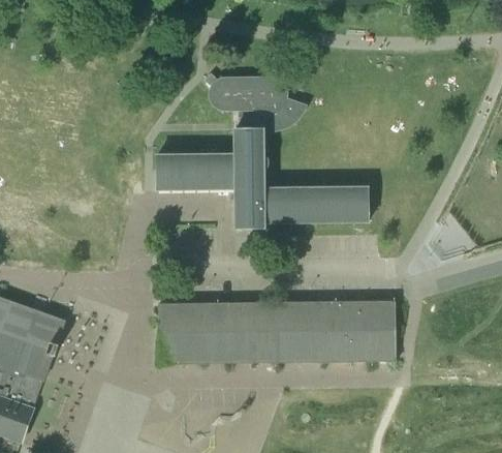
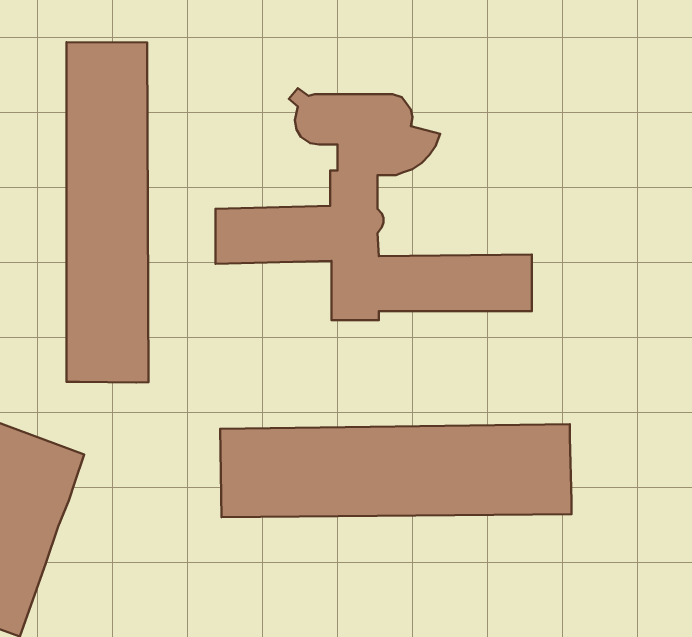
building: none -> [66,42,149,382]

